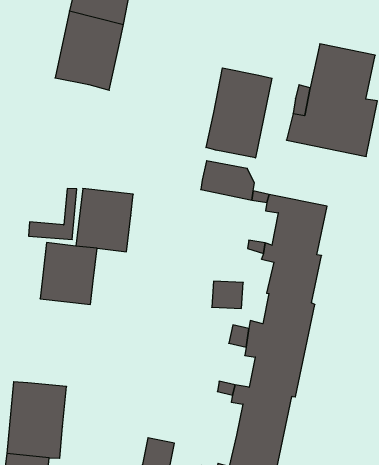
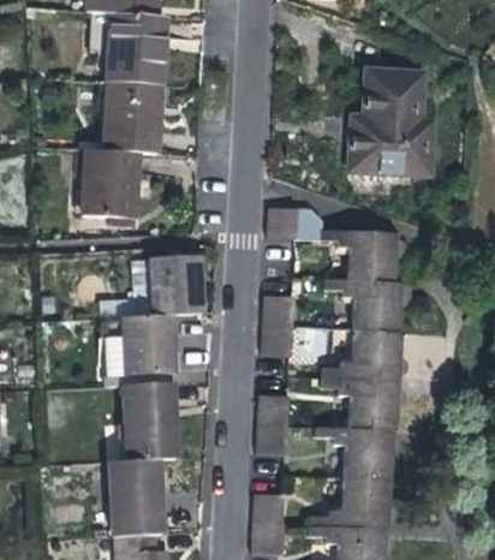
building: [206,68,272,158] -> none
building: none -> [83,148,138,218]
building: none -> [262,296,293,358]
building: none -> [123,382,178,460]
building: none -> [256,395,287,457]

